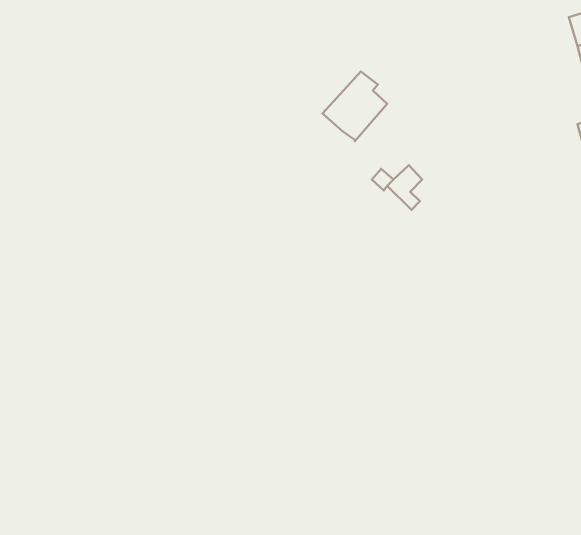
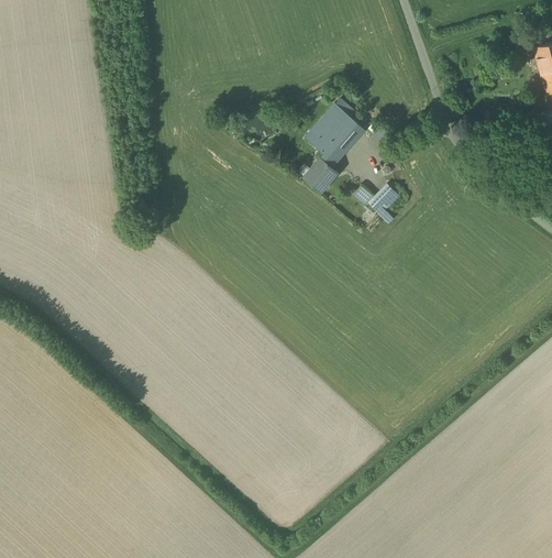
building: none -> [306,153,339,190]

